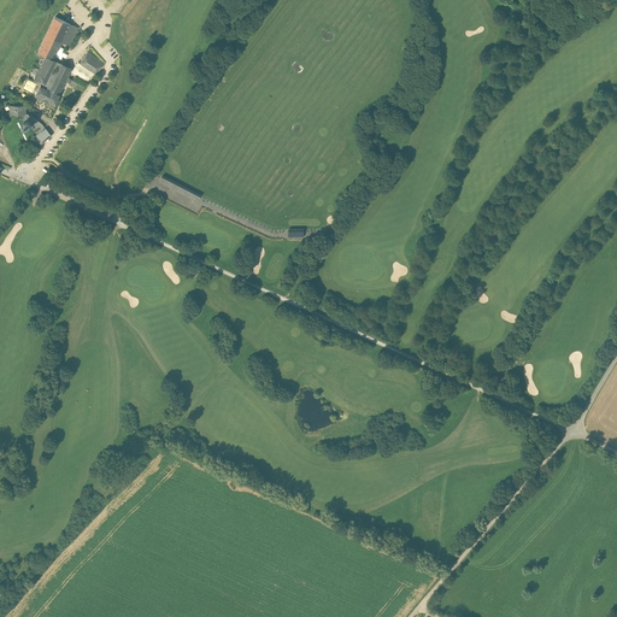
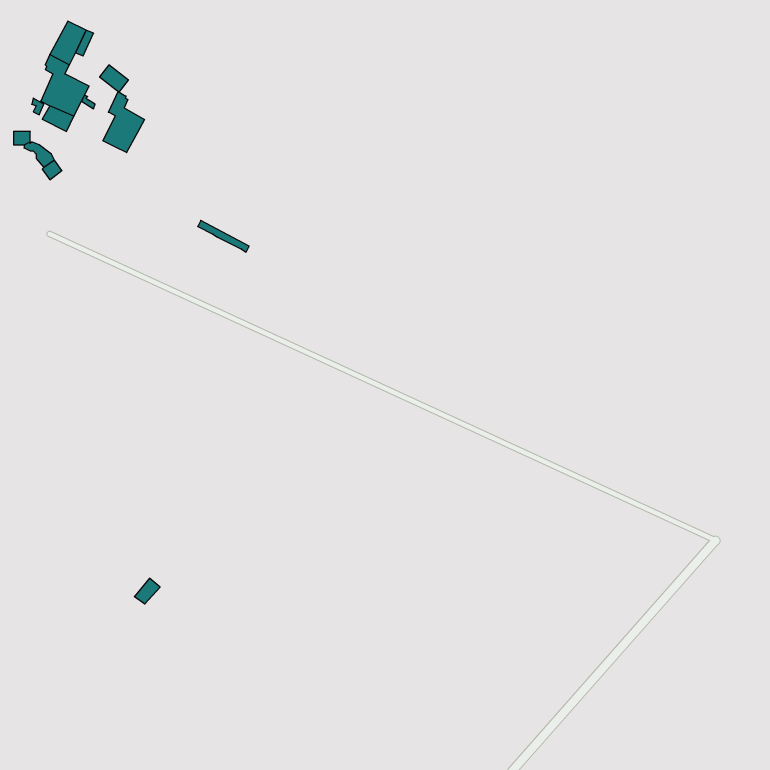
building: none -> [103,91,144,153]

